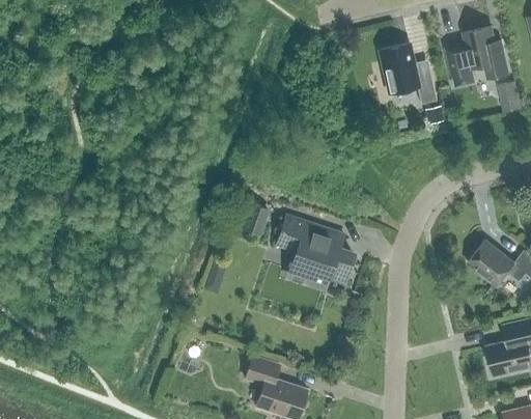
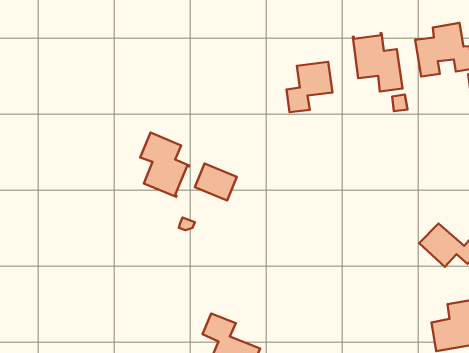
building: none -> [287,62,332,112]
building: none -> [140,133,189,197]
building: [277,216,353,288] -> none

